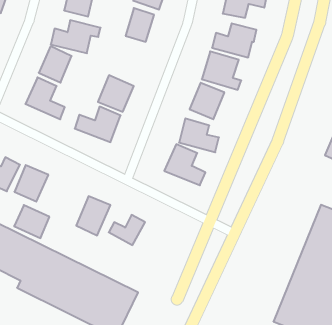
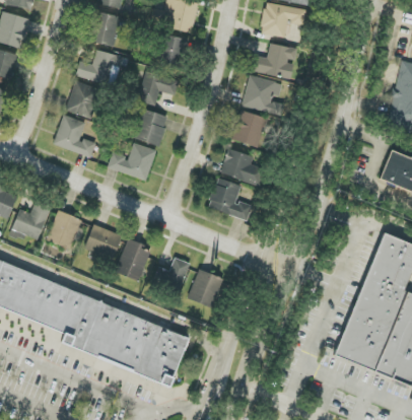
building: none -> [137,70,180,106]
building: [14,205,49,238] -> [83,225,121,260]
building: none -> [187,269,222,307]

